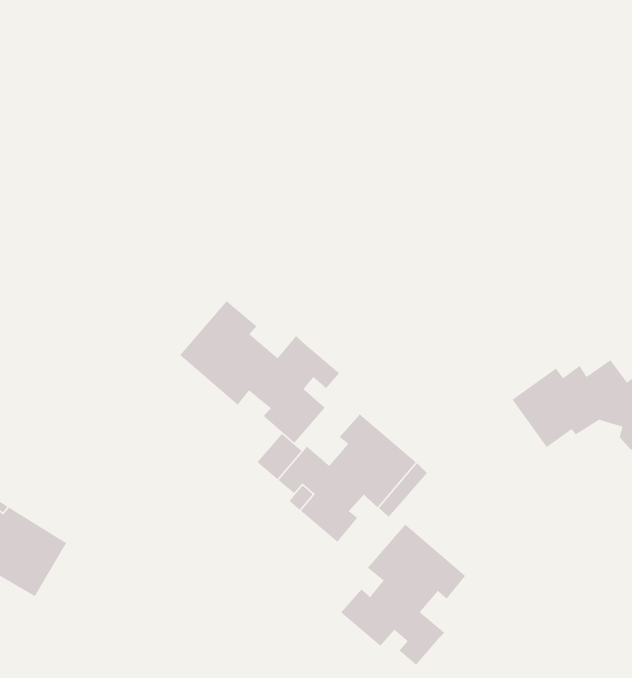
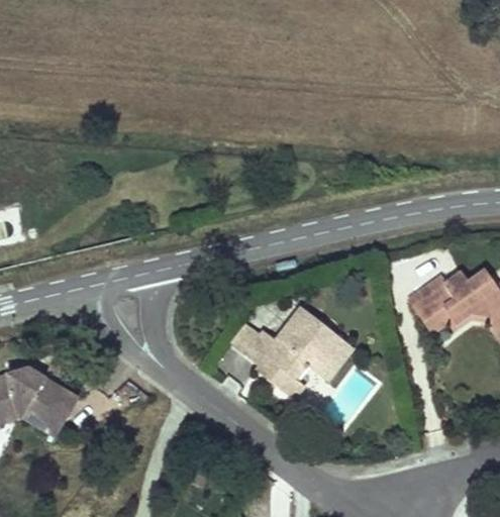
building: [179,300,340,444] -> none
building: [340,524,466,666] -> none

